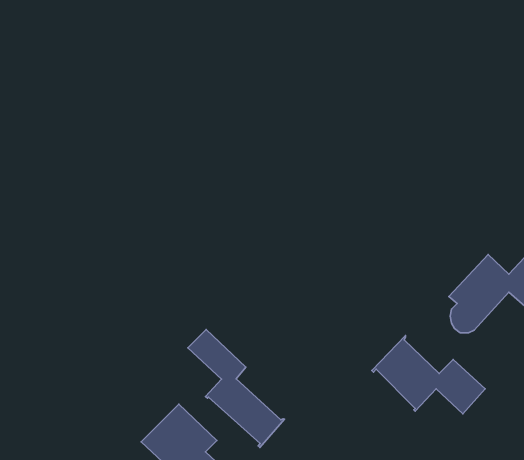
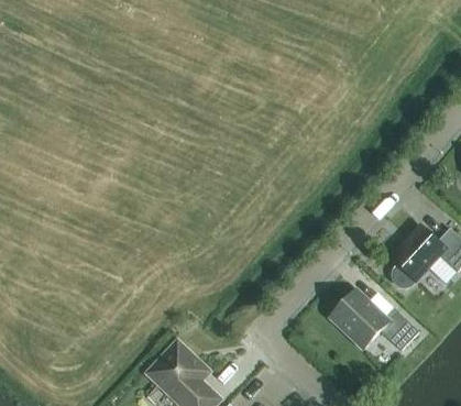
building: [188,330,285,447] -> none

